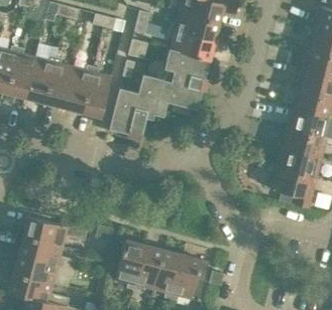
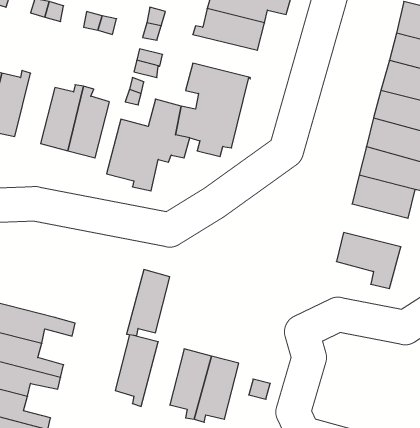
building: [169,29,215,59] -> none
building: [44,56,73,106] -> none
building: [275,148,321,178] -> none
building: [133,245,163,291] -> [127,270,170,336]

